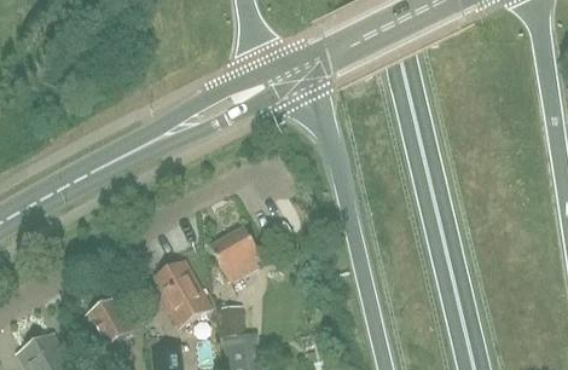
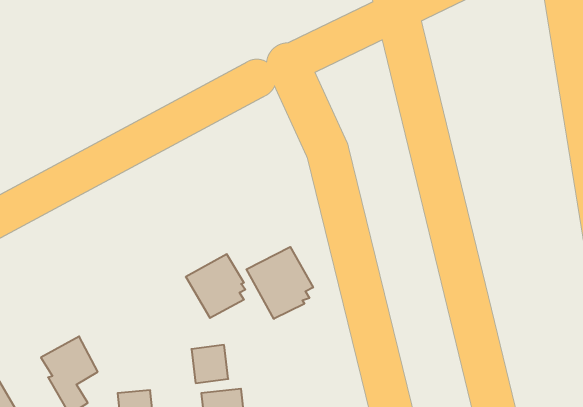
building: none -> [246,247,313,319]
building: [151,260,209,325] -> none

